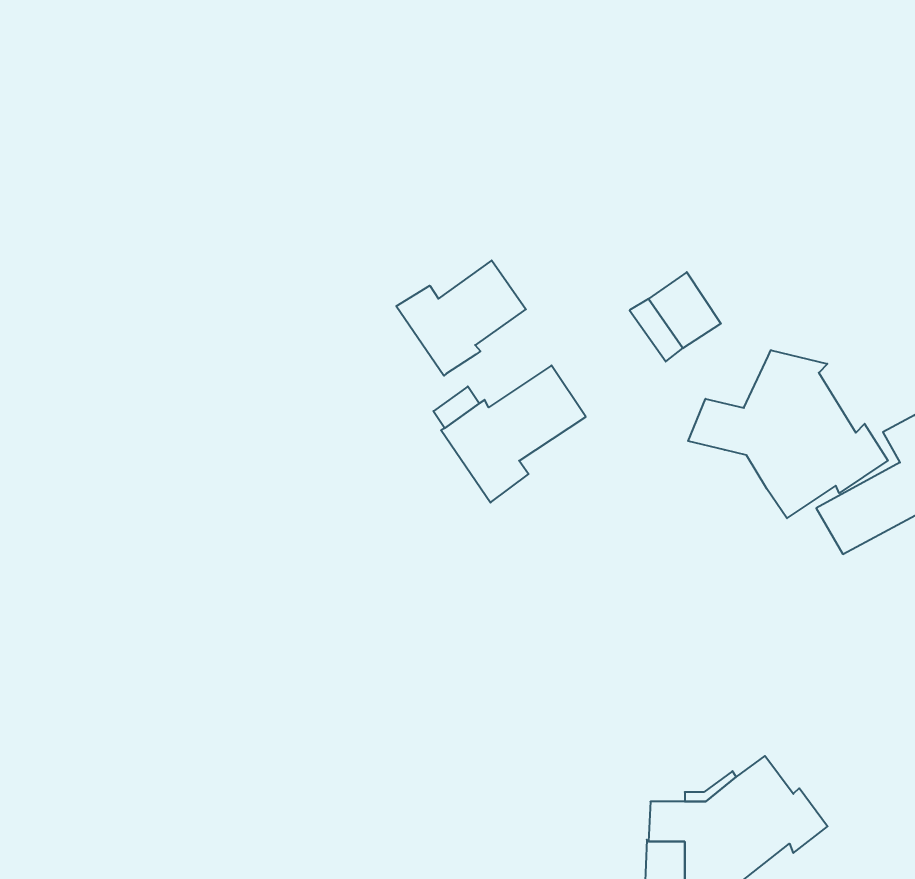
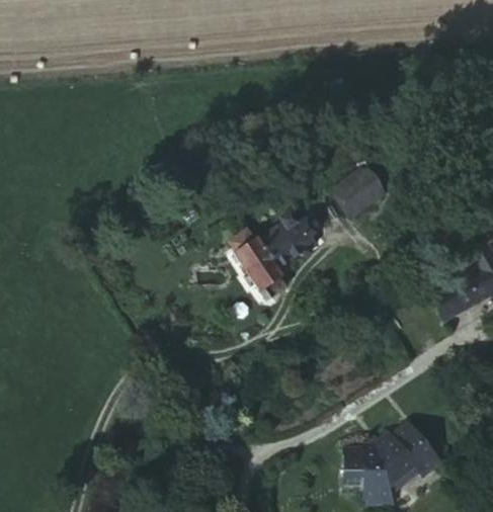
building: [396,260,526,376] -> none
building: [688,350,888,518] -> none

